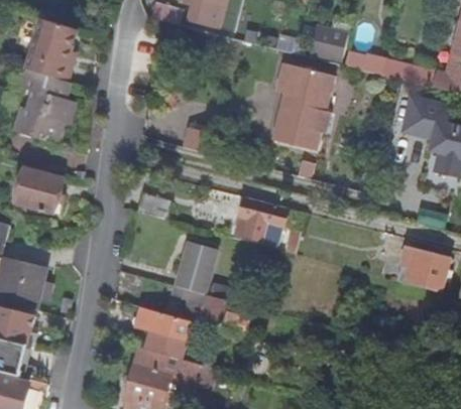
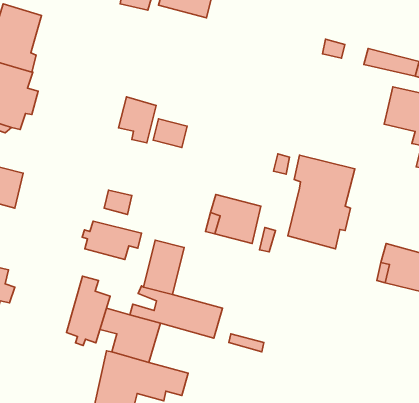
building: [310,25,347,60] -> none
building: [271,61,335,150] -> [288,155,355,249]
building: none -> [119,97,156,143]
building: none -> [82,221,142,260]
building: none -> [66,276,110,346]

